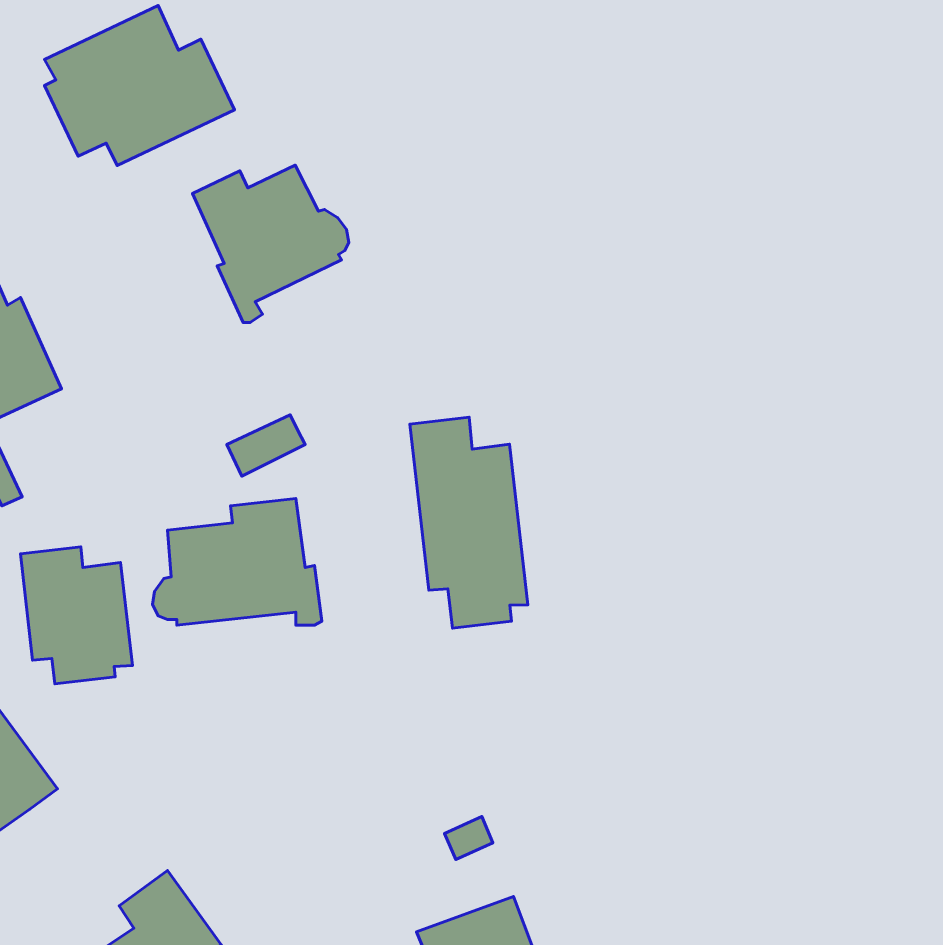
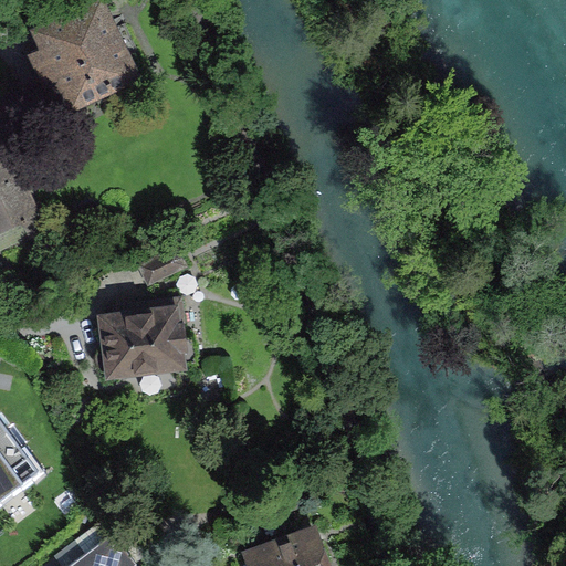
building: [192,165,349,323] -> none
building: [410,417,528,628] -> none
building: [21,547,132,684] -> none

